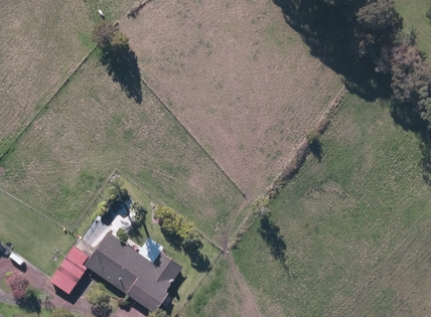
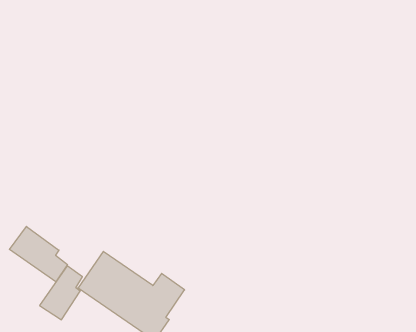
building: none -> [9,226,67,282]

